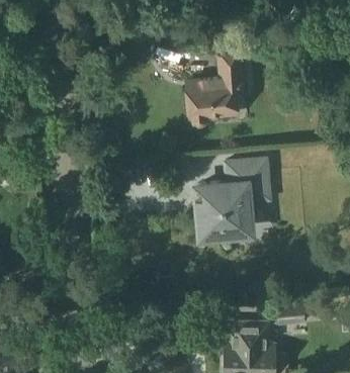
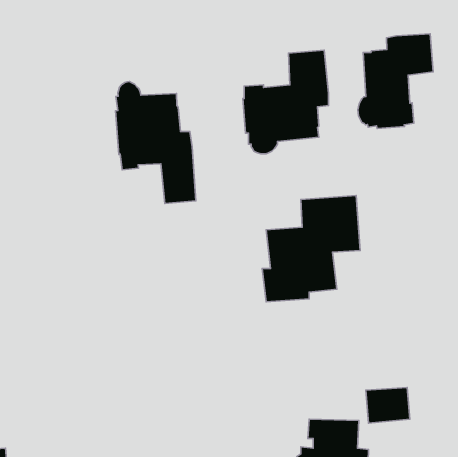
building: none -> [358,34,433,129]
building: none -> [115,82,196,204]

